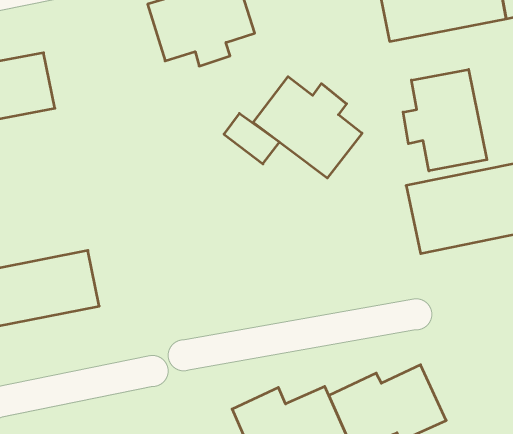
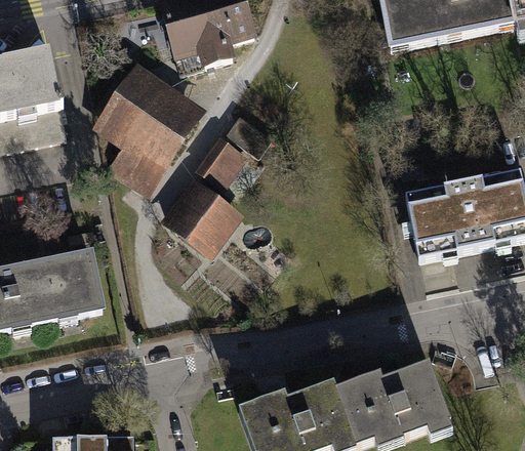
building: none -> [103,66,203,188]
building: [403,69,487,171] -> none
building: [253,77,362,178] -> none
building: none -> [166,140,245,251]

